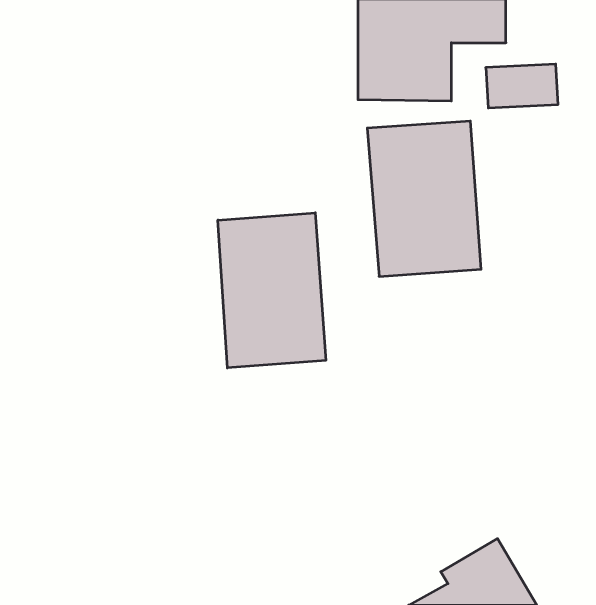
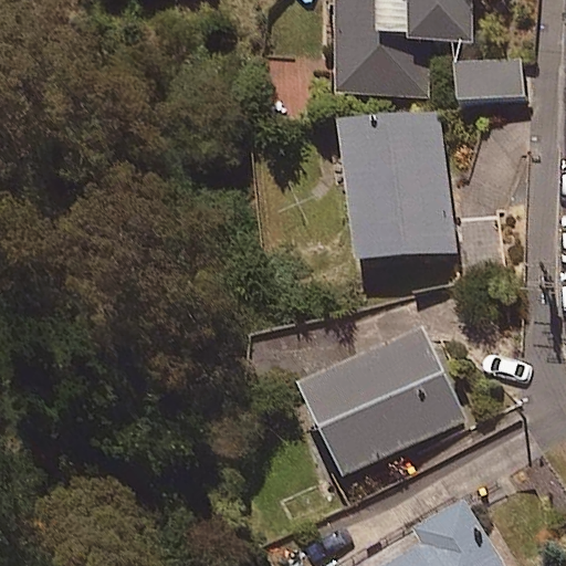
building: [218,213,326,368] -> none
building: none -> [301,329,462,475]

